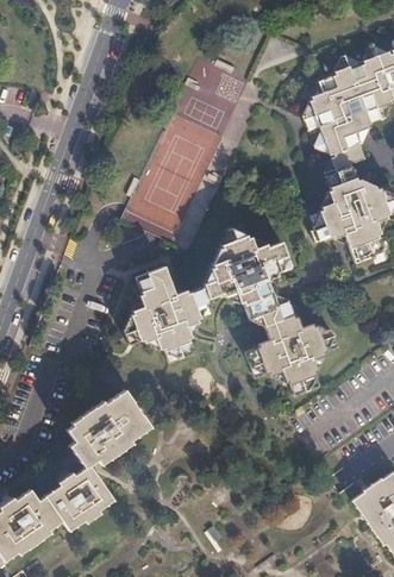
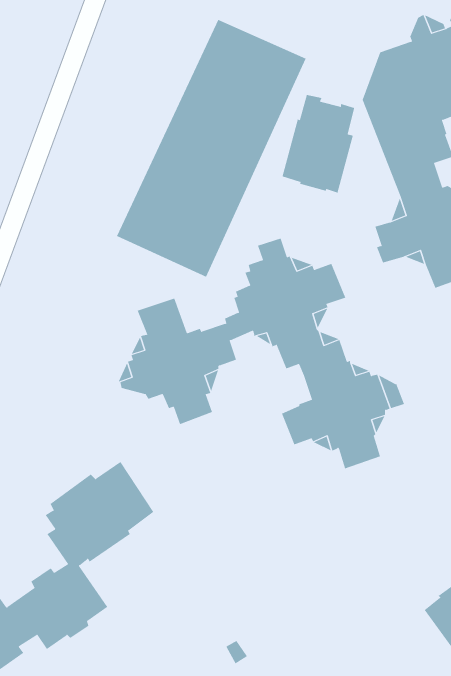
building: none -> [282,94,355,193]

